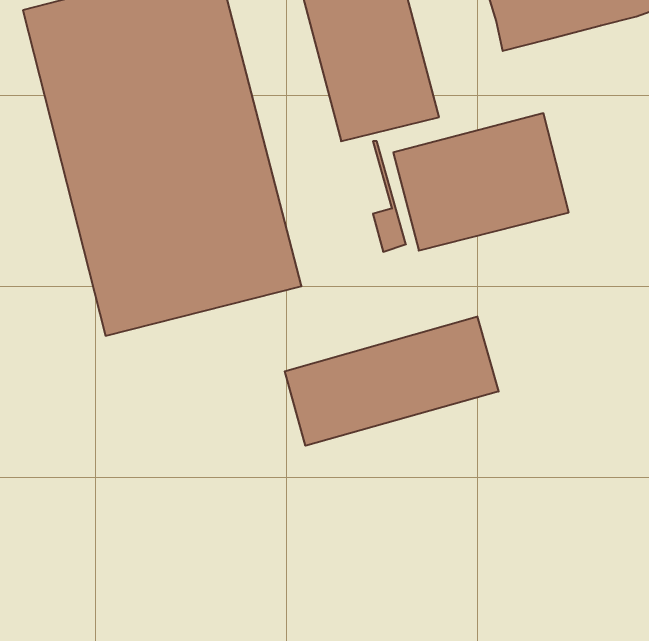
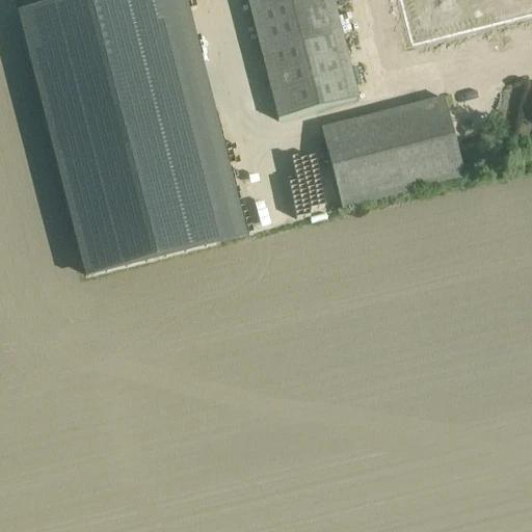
building: [285,316,499,446] -> none

